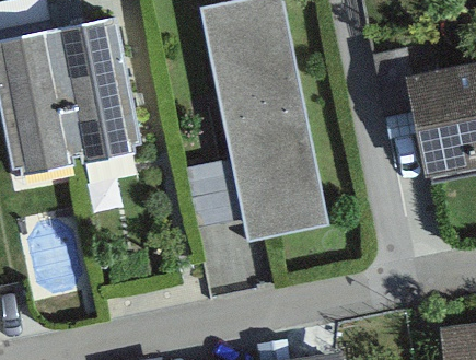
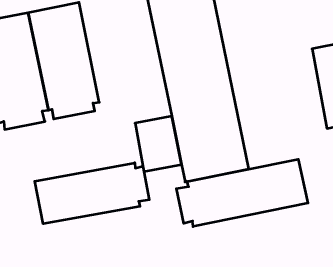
building: none -> [176,159,308,227]
building: none -> [35,163,149,224]

